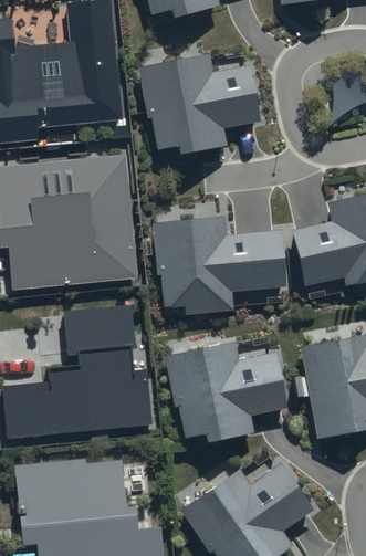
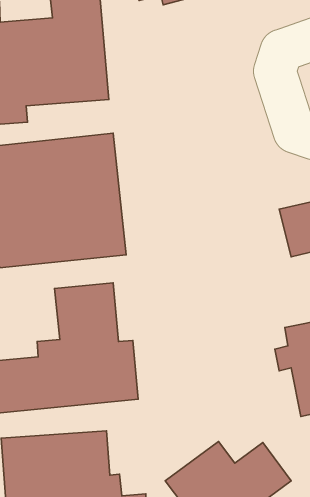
building: [143,55,260,157] -> none
building: [157,214,282,311] -> none
building: [168,343,289,449] -> none

